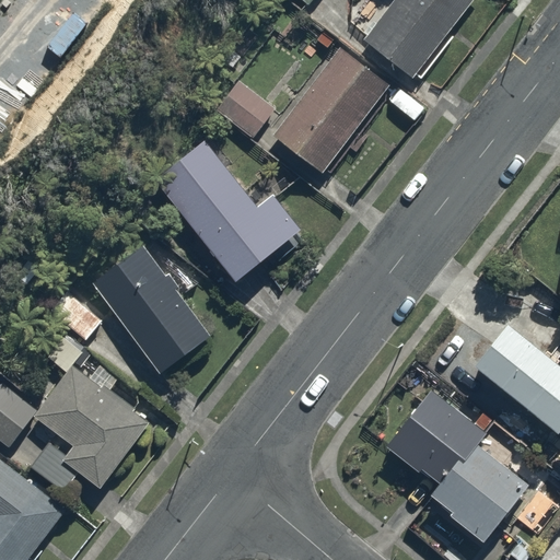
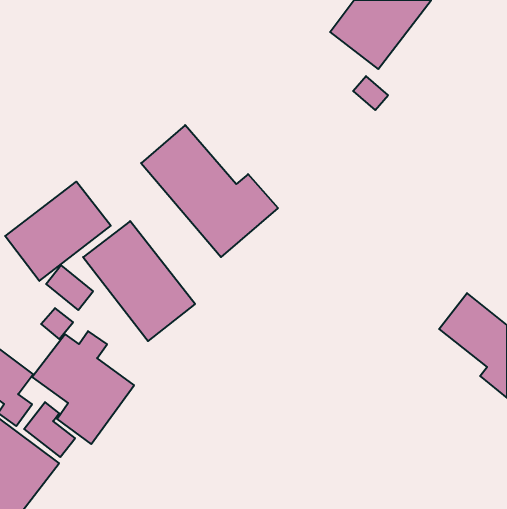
building: [271,50,386,172] -> none
building: [211,80,278,142] -> none
building: none -> [5,182,111,281]
building: [386,389,530,540] -> none

